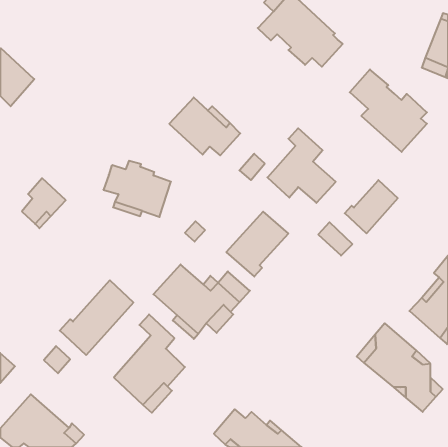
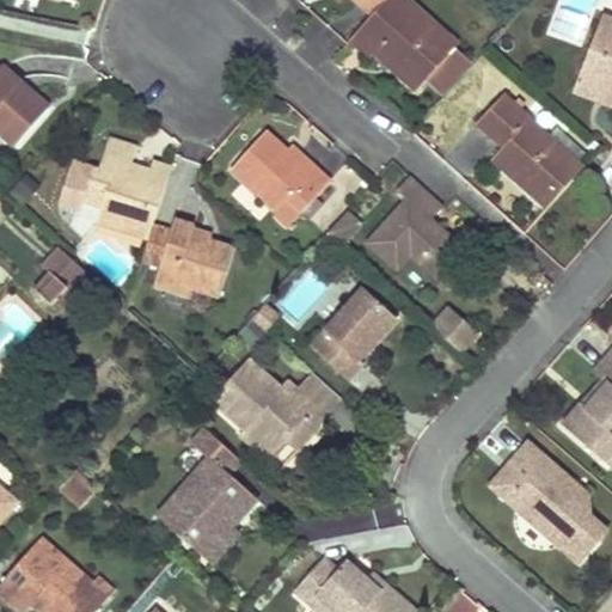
building: none -> [59,155,171,238]
building: [345,180,398,233] -> none
building: [60,280,133,355] -> none

